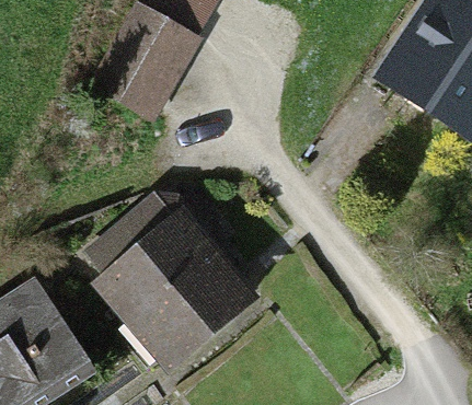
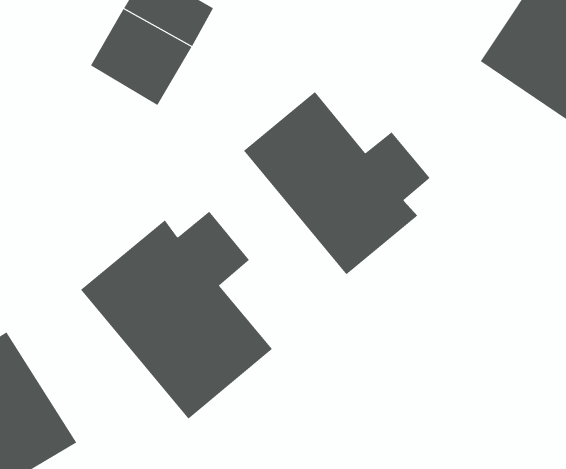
building: none -> [243,91,431,275]

